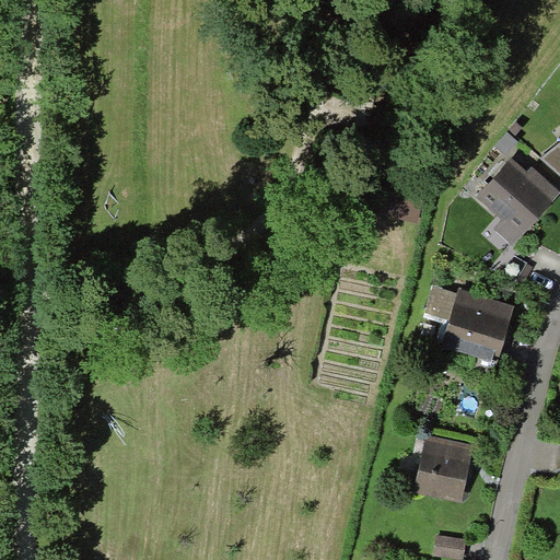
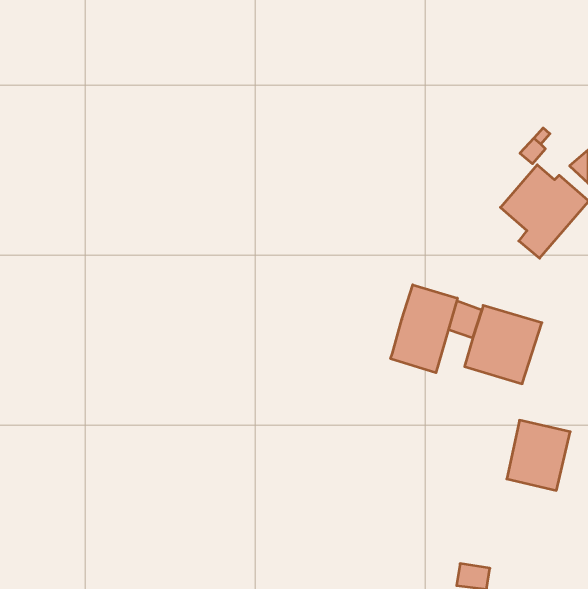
building: none -> [391,285,457,373]
building: [413,434,474,501] -> [507,420,570,490]

